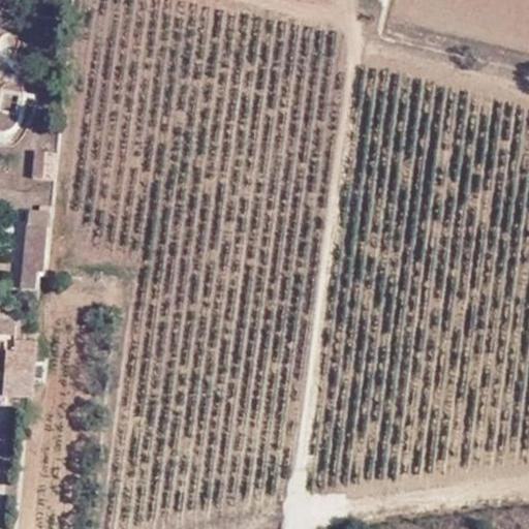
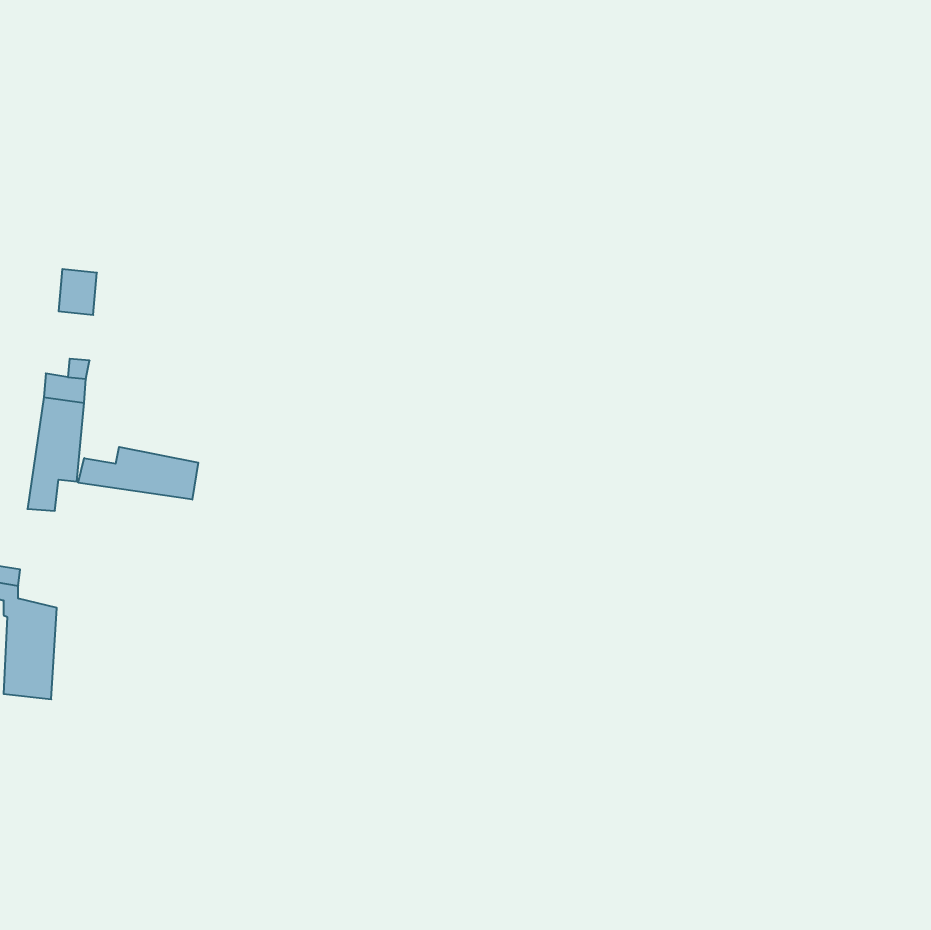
building: none -> [78,447,198,500]

